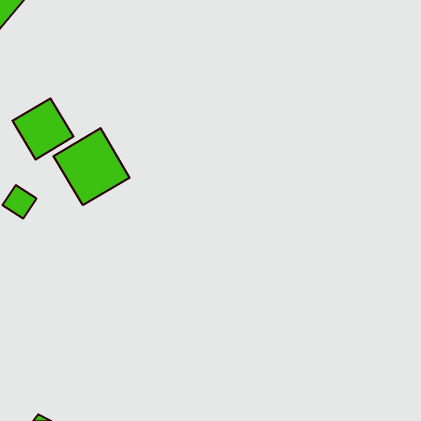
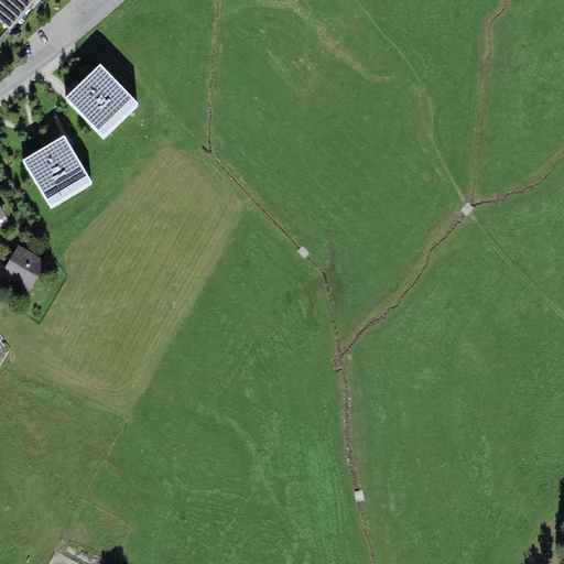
building: none -> [61,58,140,139]
building: [53,128,130,205] -> none

